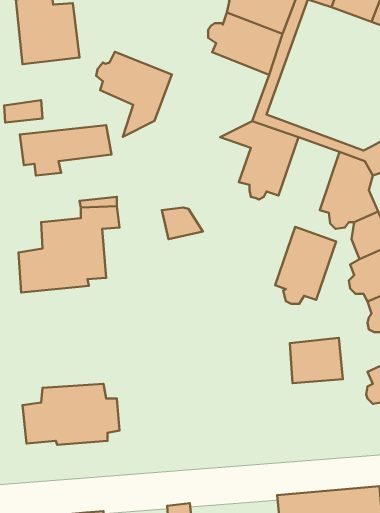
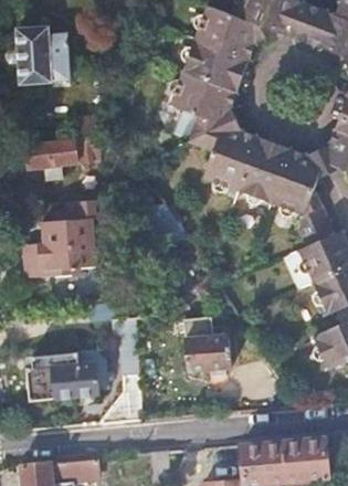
building: [96,52,172,137] -> [169,74,232,145]
building: [275,227,336,304] -> [240,145,291,209]
building: [290,338,343,383] -> [184,331,229,369]

